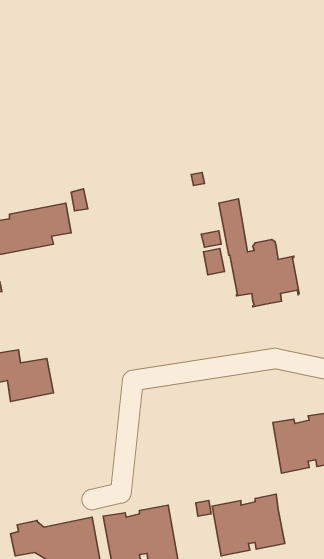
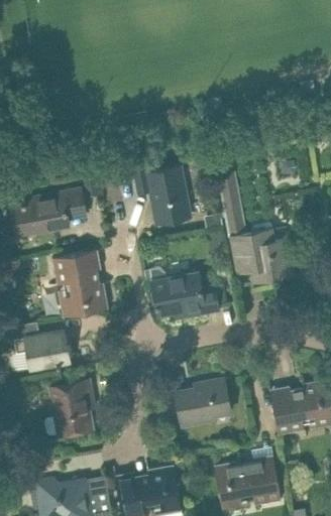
building: none -> [132,166,190,225]
building: none -> [47,251,108,317]
building: none -> [148,268,218,316]
building: none -> [175,380,230,427]
building: none -> [44,381,92,436]

